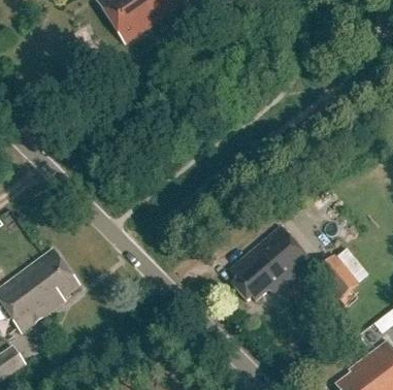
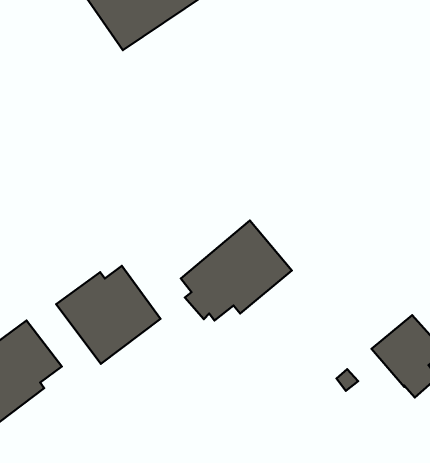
building: none -> [56,266,160,364]
building: [229,224,314,300] -> [181,220,292,320]

